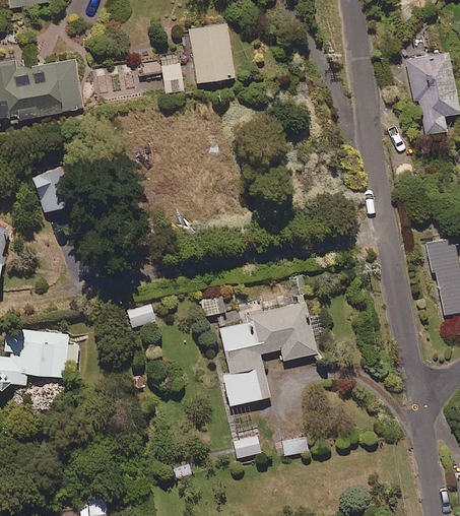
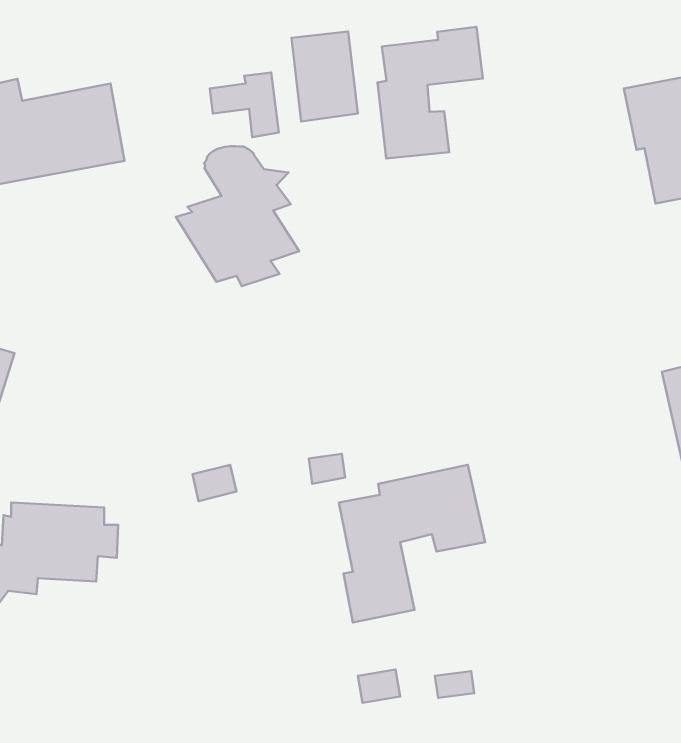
building: none -> [378,27,483,158]
building: none -> [176,146,299,286]
building: [31,168,72,213] -> none

